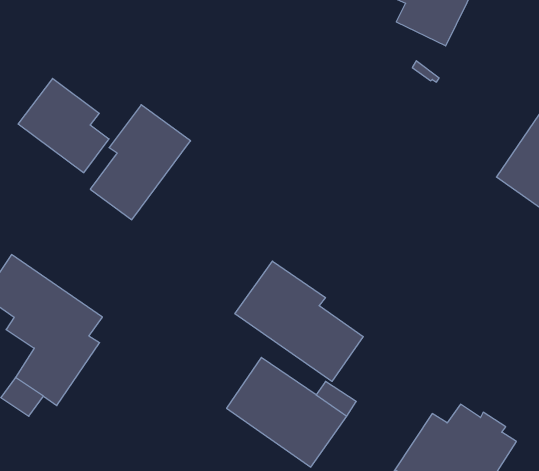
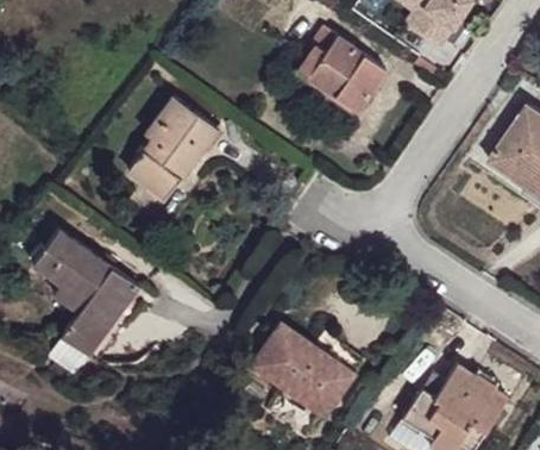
building: none -> [296,27,387,113]
building: [18,78,109,173] -> none
building: [235,261,363,381] -> none

